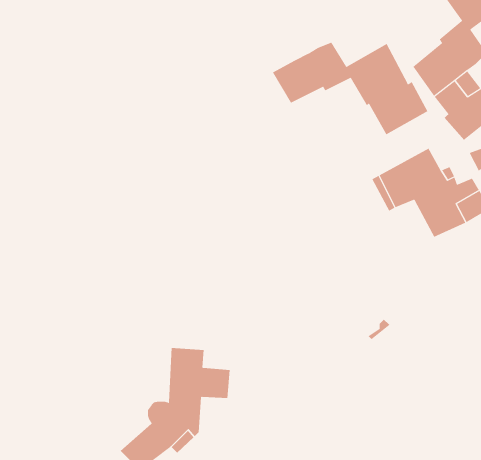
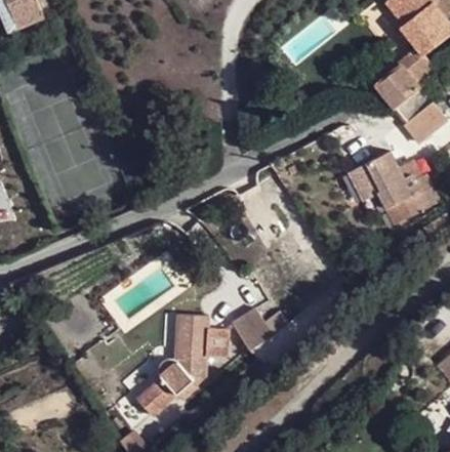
building: [272,42,428,135] -> none
building: none -> [231,309,279,361]

